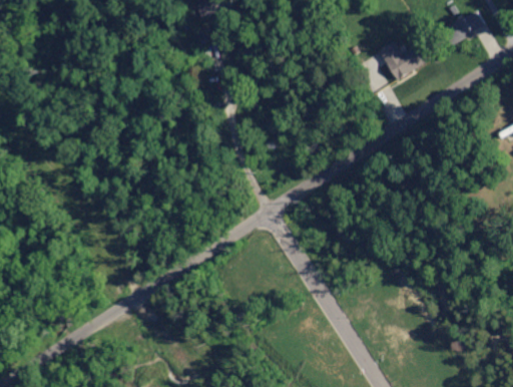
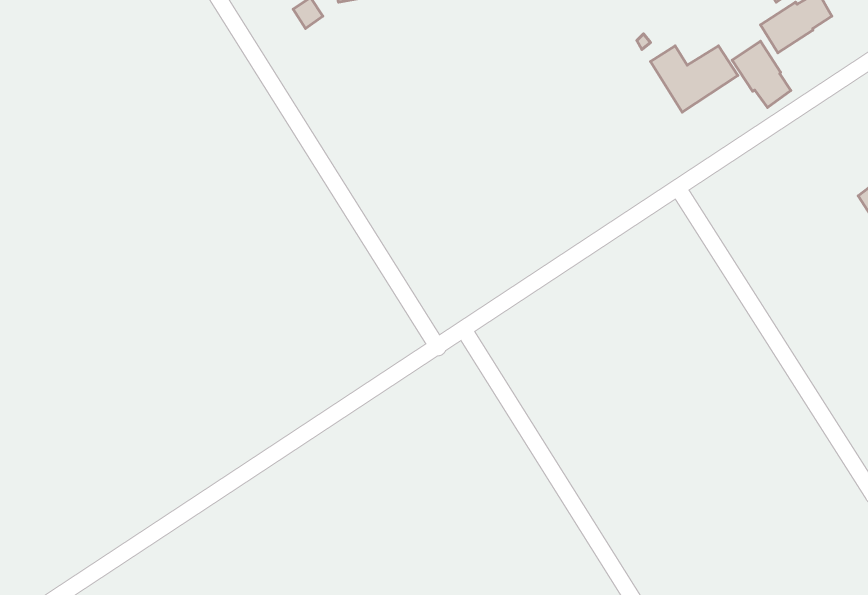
building: none -> [732,41,791,107]

